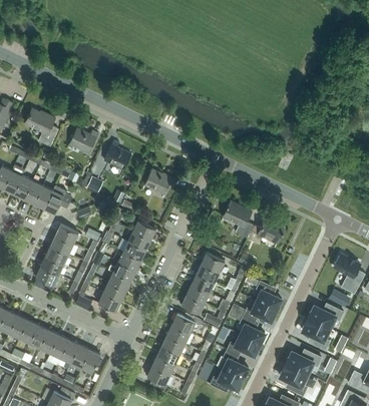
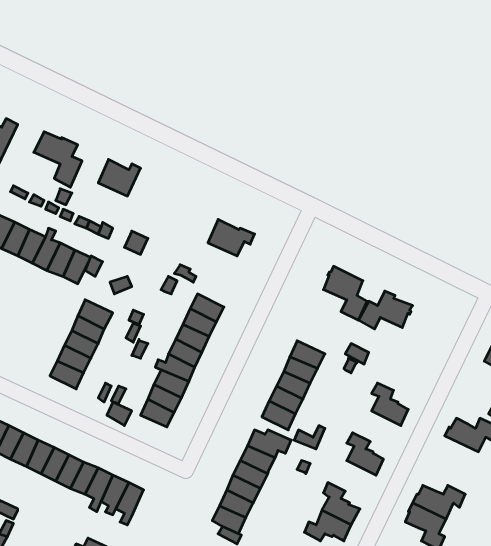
building: [104,140,131,169] -> none
building: [244,300,277,321] -> none
building: [302,317,330,349] -> none
building: [227,334,260,355] -> none

